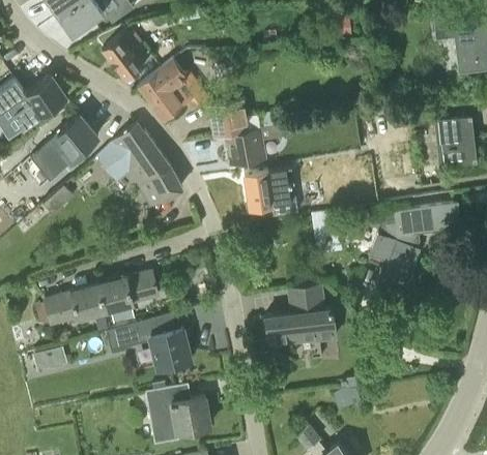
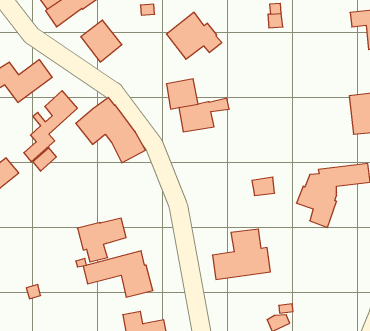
building: [139,60,207,118] -> [166,12,222,59]
building: [244,169,298,218] -> none
building: [34,284,105,325] -> none

